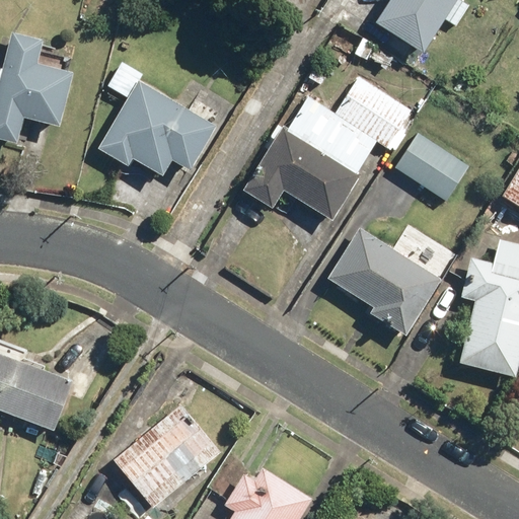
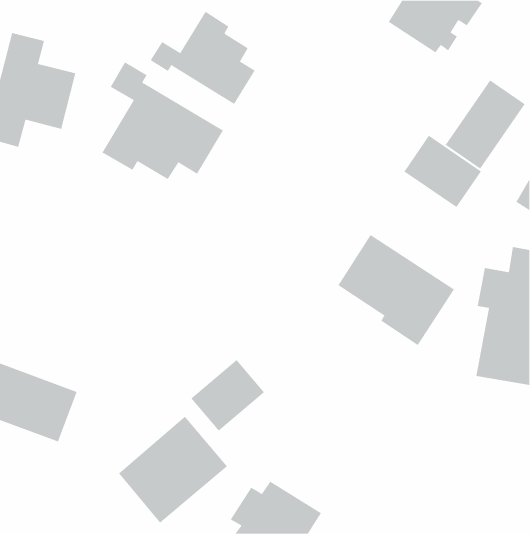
building: none -> [150,11,256,105]
building: [243,76,417,220] -> none
building: none -> [445,80,525,170]
building: none -> [191,359,265,432]

